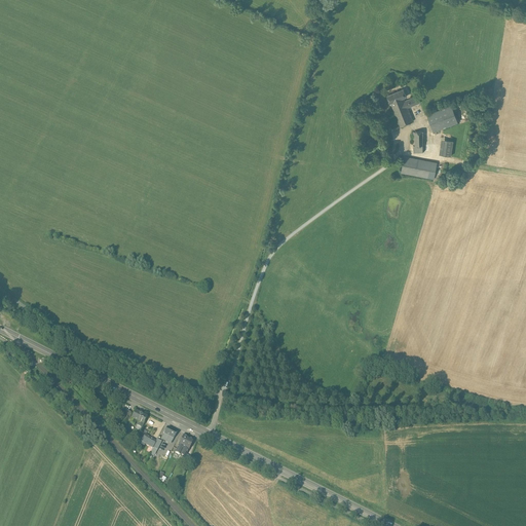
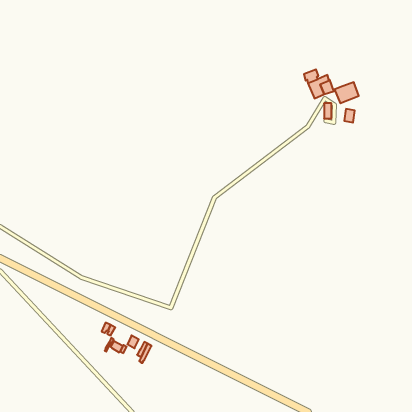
building: [402,156,437,179] -> none

